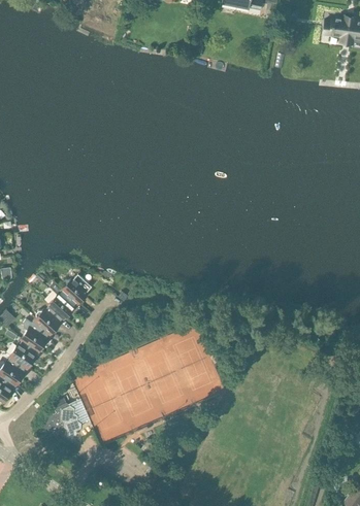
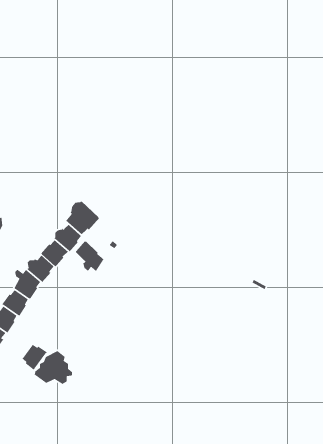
building: none -> [65,200,100,235]
building: none -> [75,241,105,272]
building: none -> [22,344,48,371]

